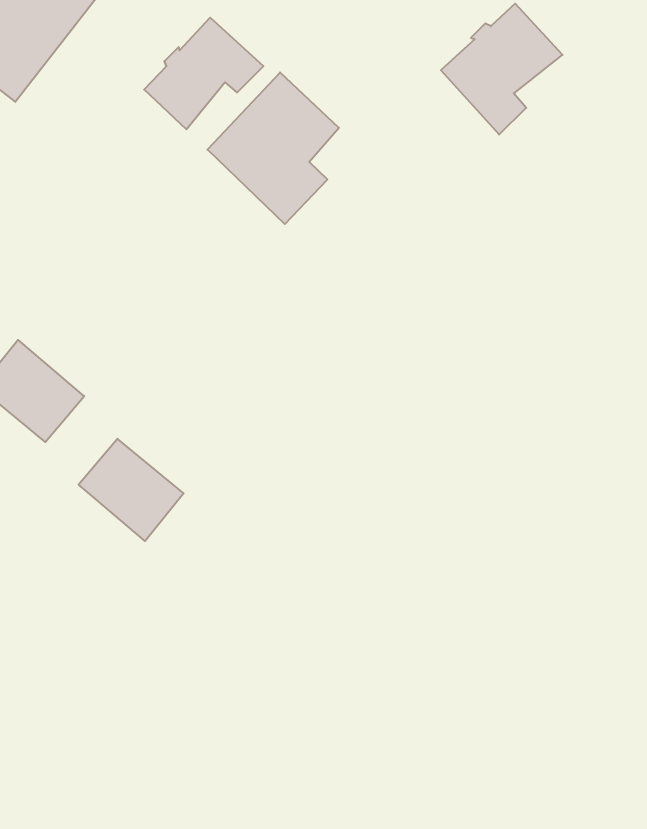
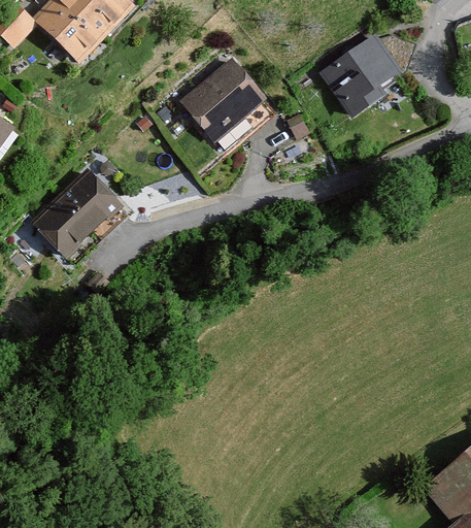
building: [144,18,263,129] -> none
building: [79,439,184,541] -> [63,173,123,234]

